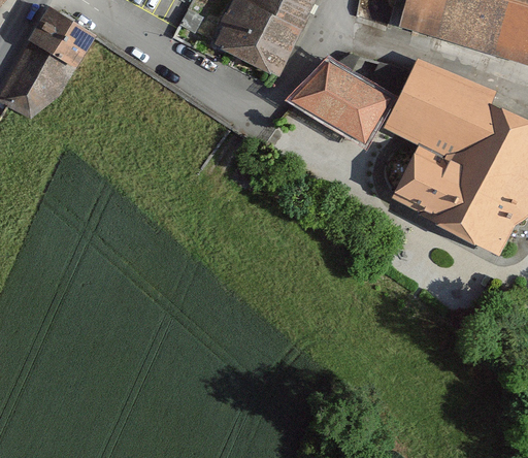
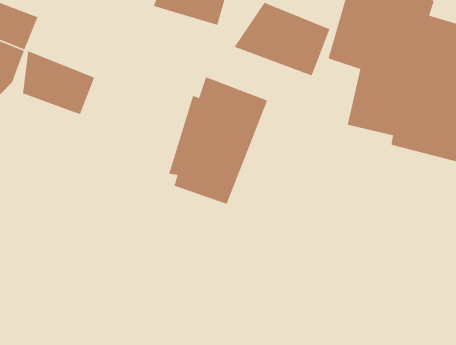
building: none -> [22,50,95,115]
building: none -> [168,76,268,205]

